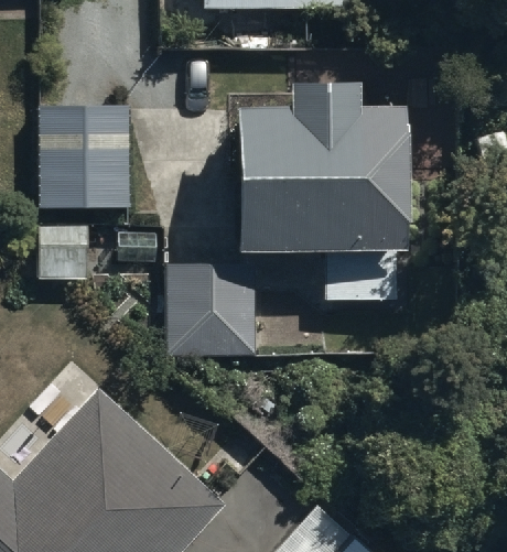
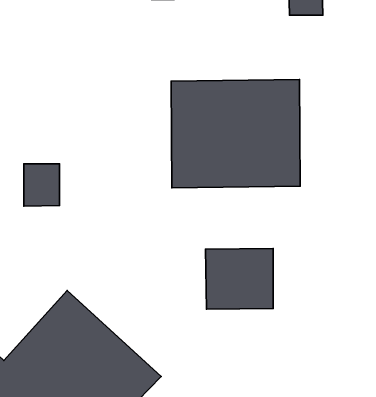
building: [44,97,137,201] -> none
building: [170,274,259,355] -> [206,248,273,309]

